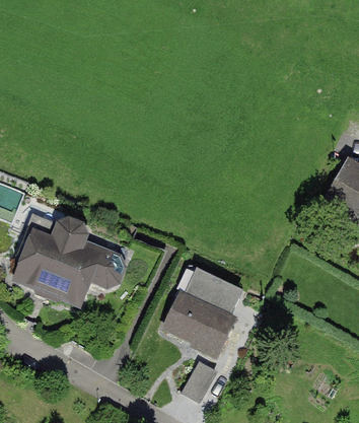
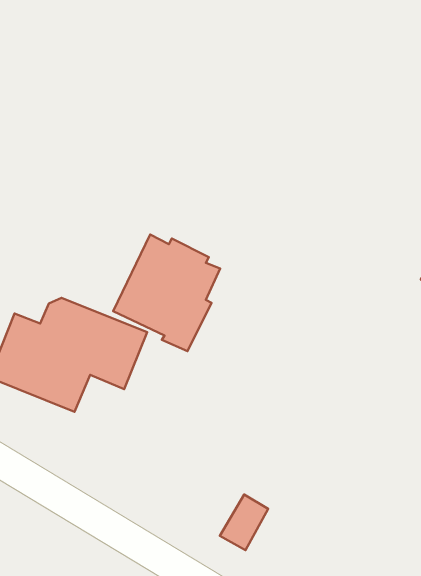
building: [163,271,239,354] -> [113,234,220,351]

